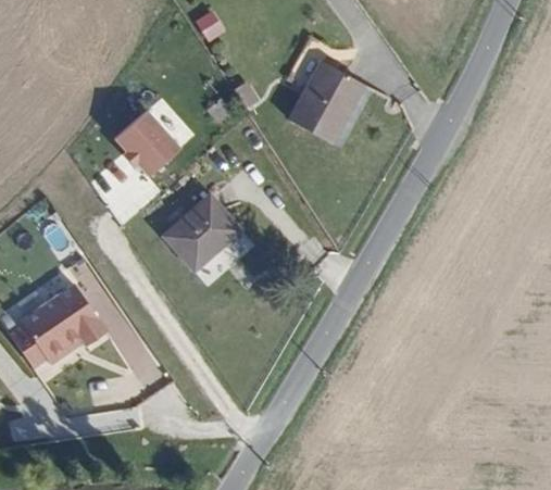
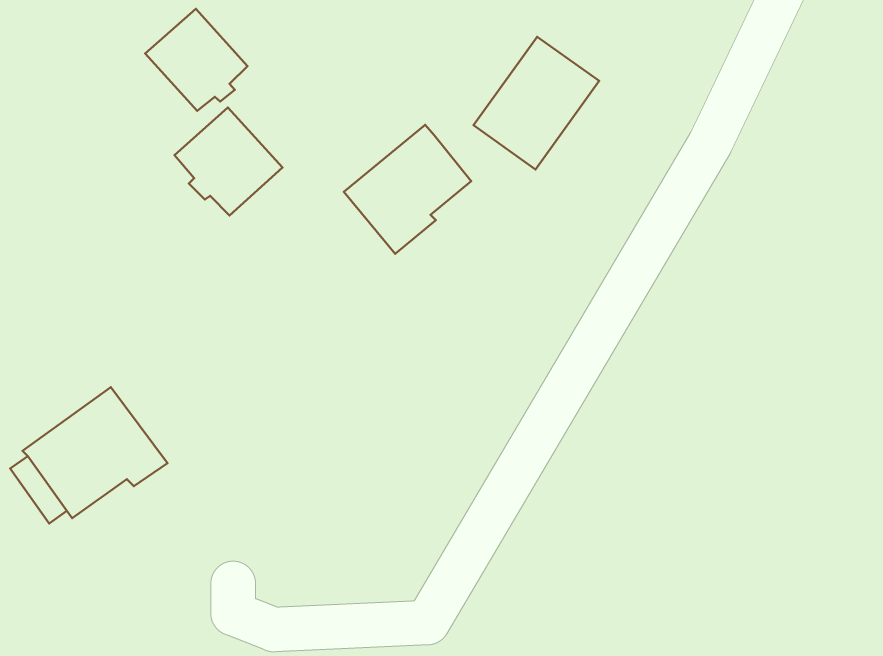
building: none -> [145,9,247,111]
building: [161,193,239,273] -> [344,125,471,254]

